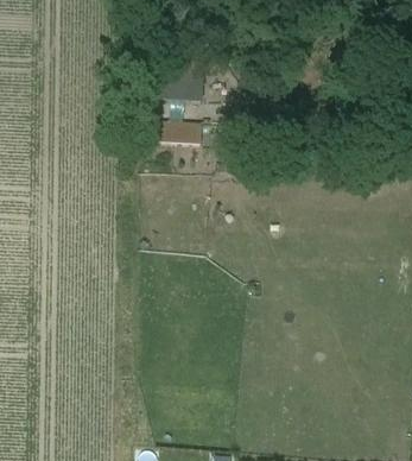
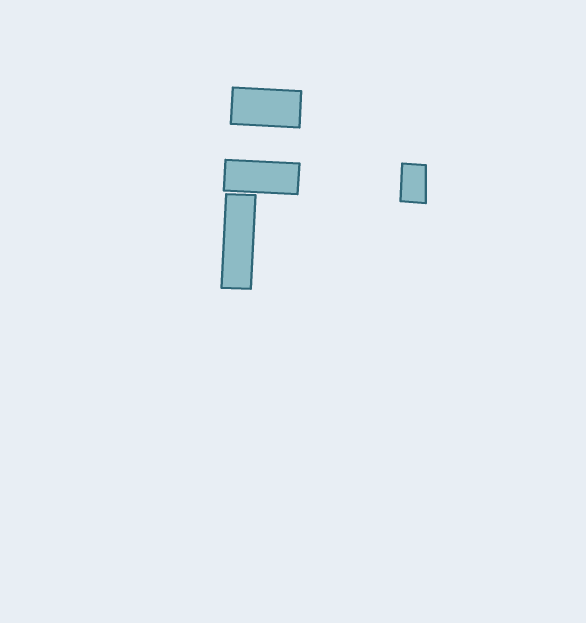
building: none -> [221,194,255,289]

